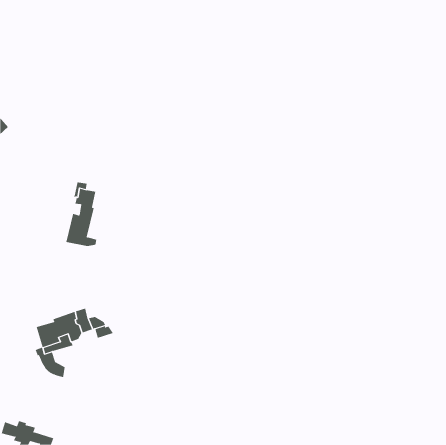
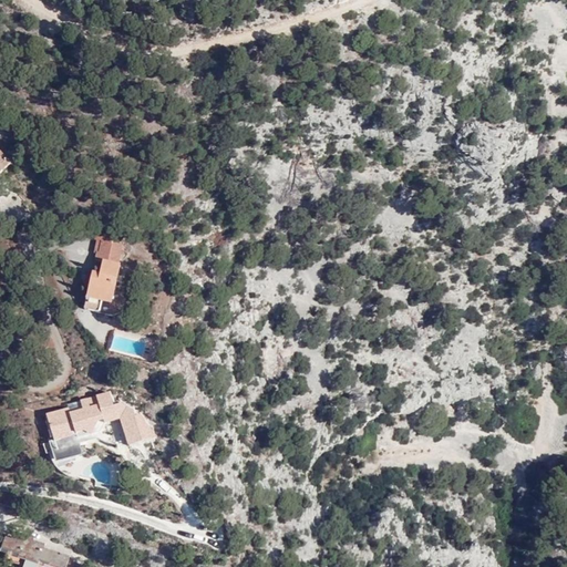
building: none -> [123,422,155,444]

